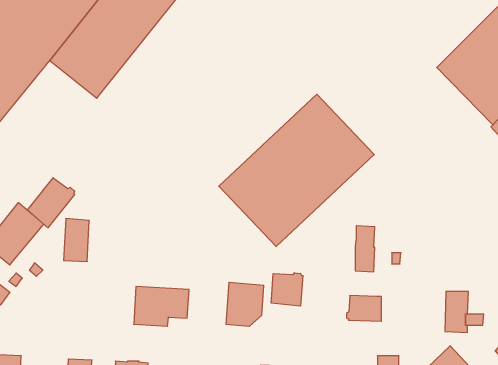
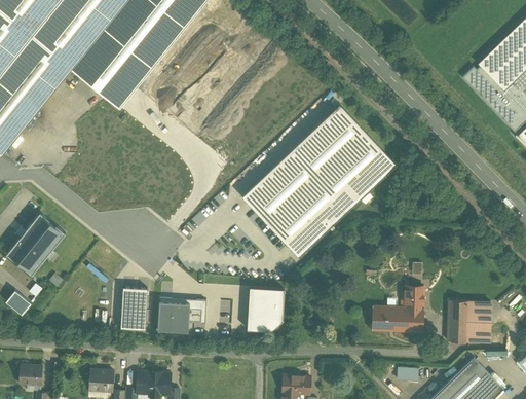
building: [27,178,75,228] -> none
building: [64,219,89,261] -> [122,291,148,334]
building: [355,226,375,272] -> [404,286,423,332]
building: [271,273,303,306] -> none
building: none -> [447,300,468,341]

